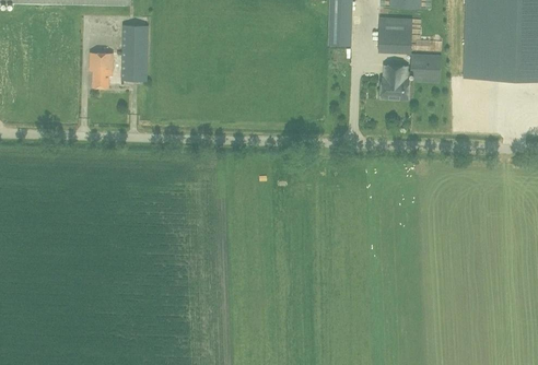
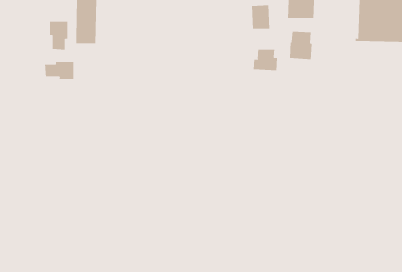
building: [410,54,445,82] -> none
building: none -> [253,49,278,71]
building: none -> [44,61,74,80]

